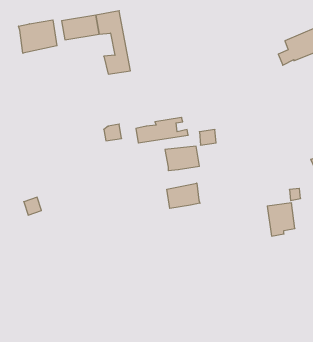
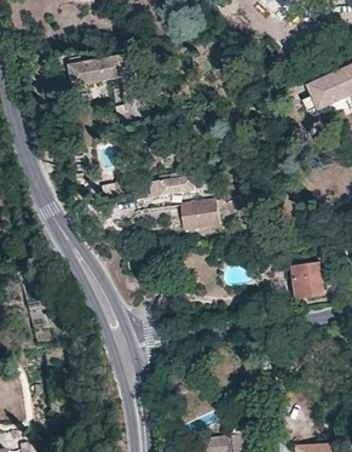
building: [19,20,57,53] -> none
building: [167,183,200,208] -> none

